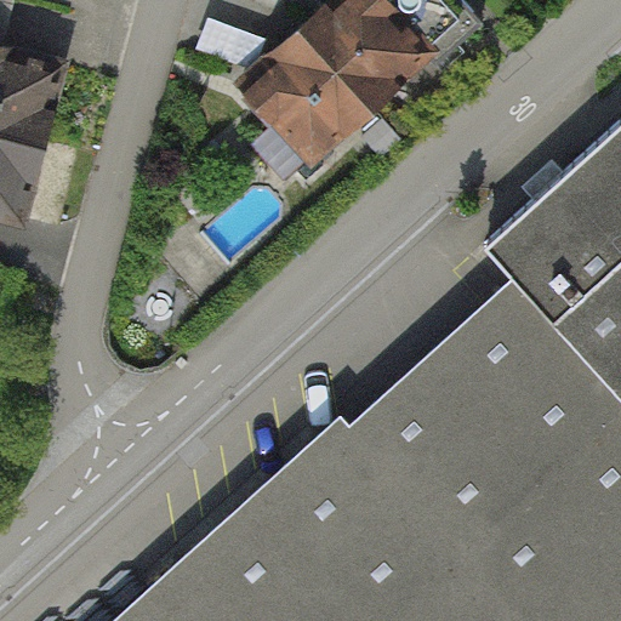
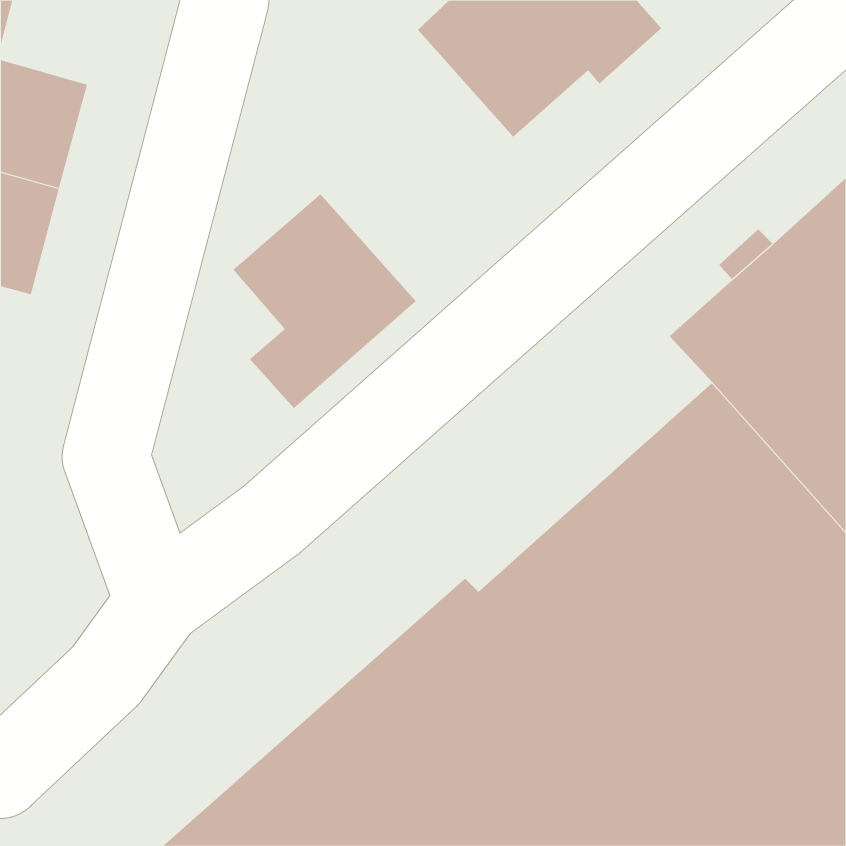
building: [241,22,376,180] -> [233,194,416,409]

